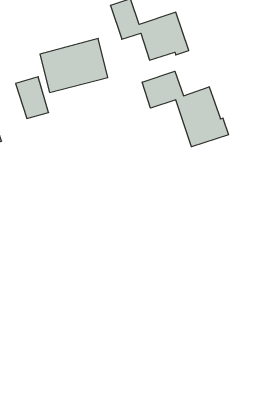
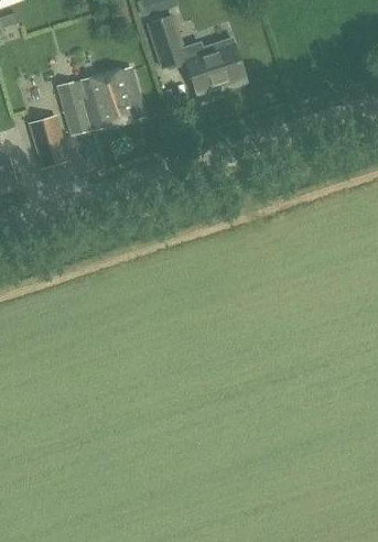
building: [142,71,229,147] -> none

